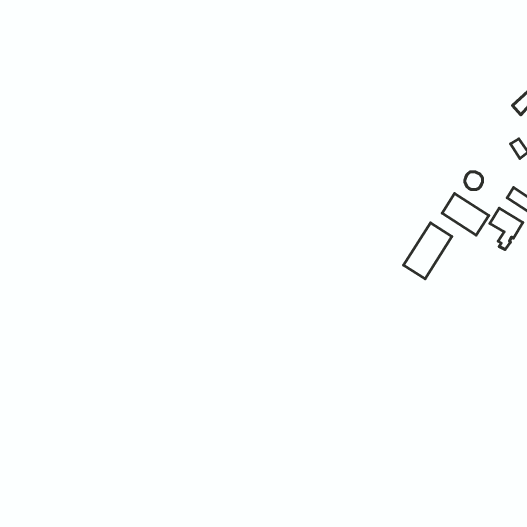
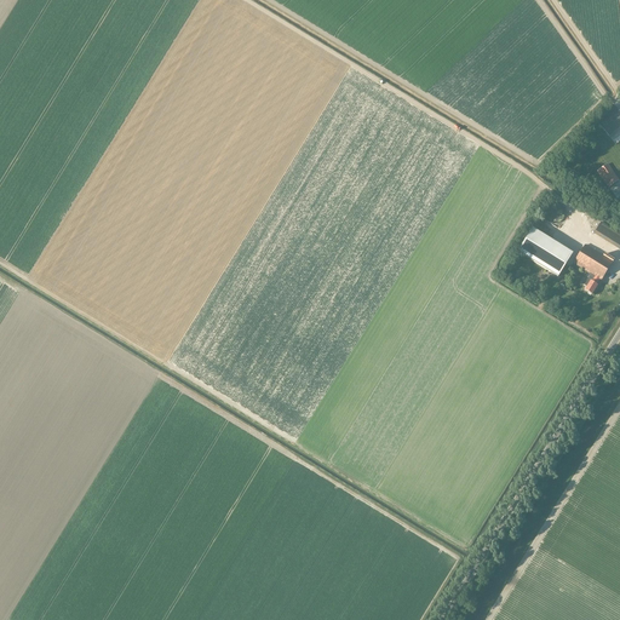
building: [404,223,452,279] -> none

